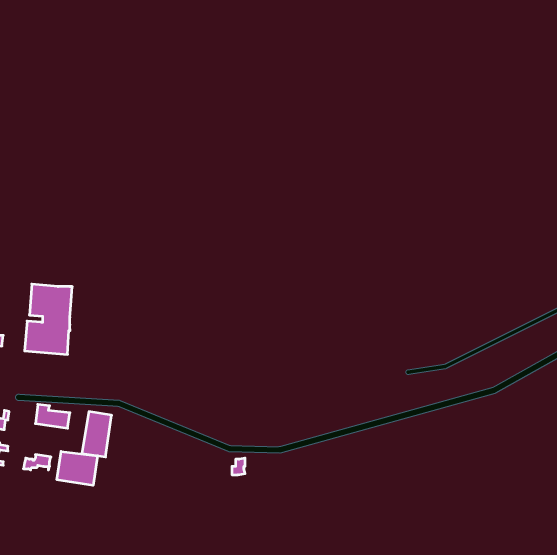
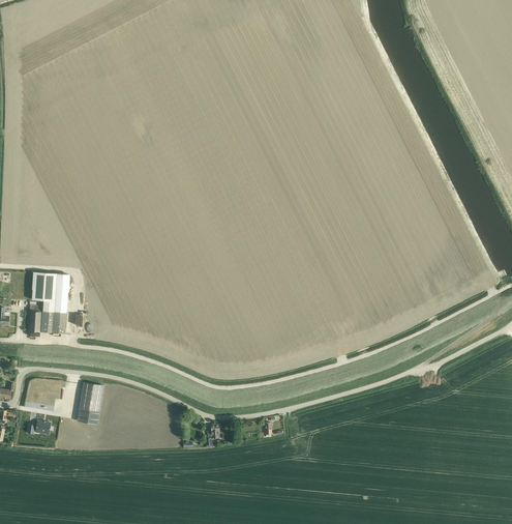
building: [57,451,98,485] -> none

